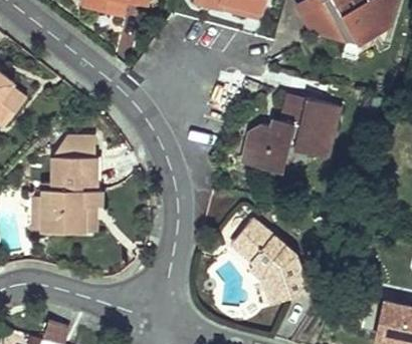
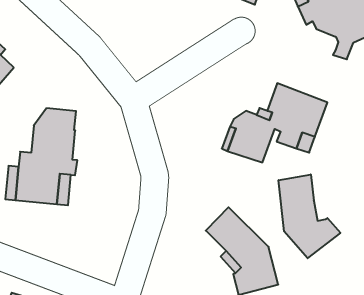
building: none -> [279,174,340,258]

